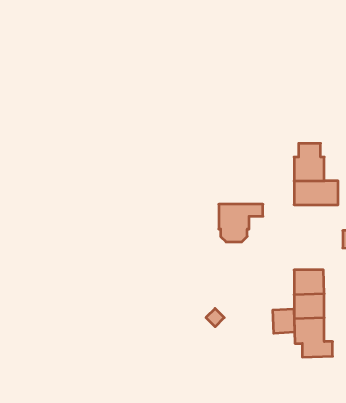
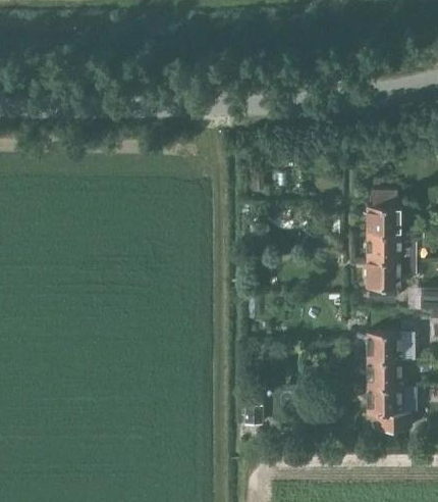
building: [219,204,263,242] -> [369,260,418,302]
building: [273,309,294,333] -> none

